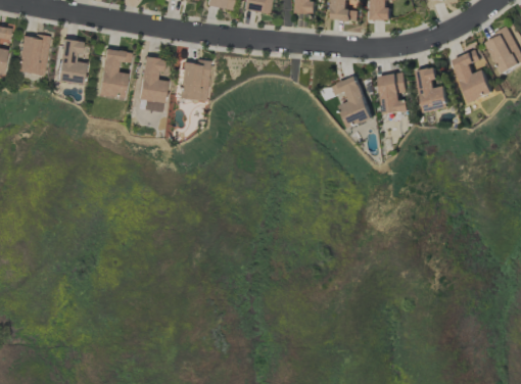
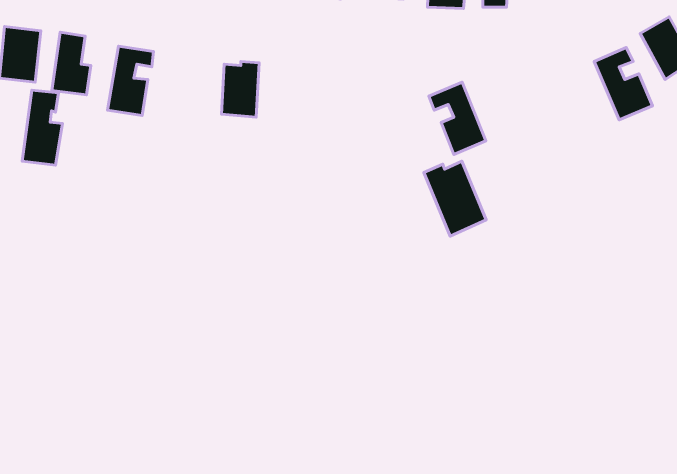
building: [136,56,165,111] -> [22,90,63,165]
building: [417,66,452,111] -> none
building: [379,71,411,113] -> none
building: none -> [424,161,486,236]

